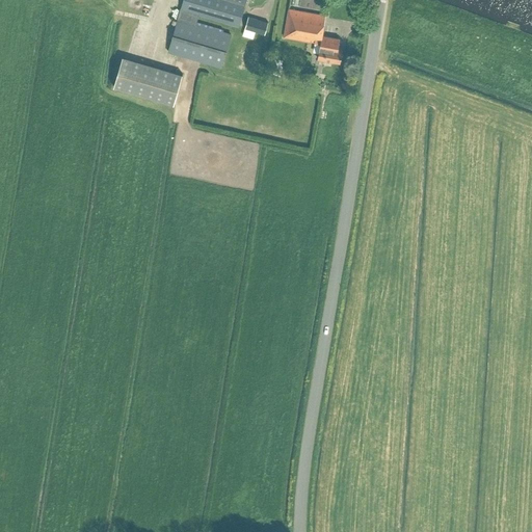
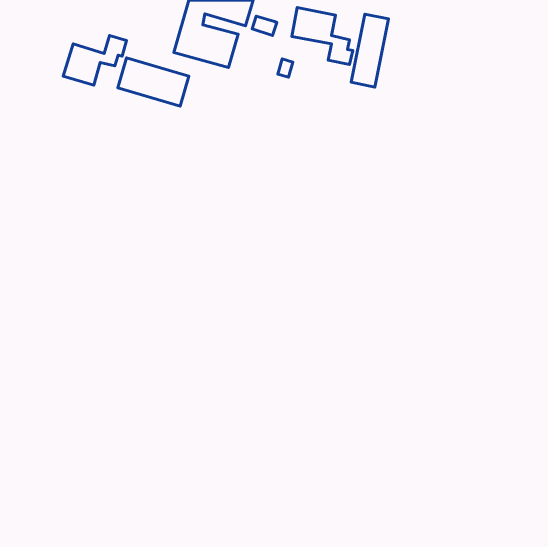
building: none -> [351,14,388,87]
building: none -> [63,35,127,85]

